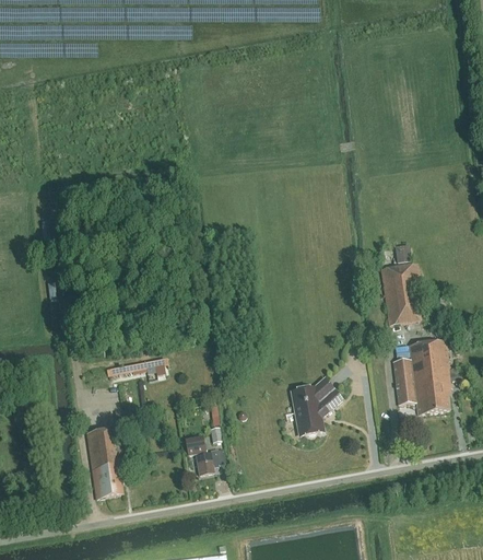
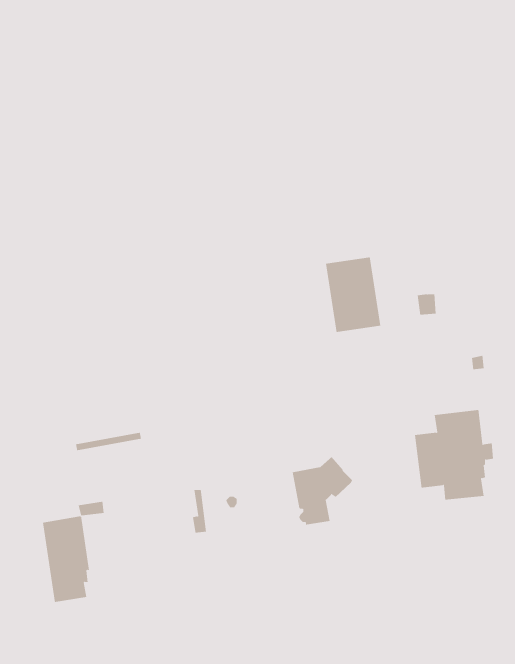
building: [379,262,425,325] -> [325,257,381,333]
building: [185,436,225,475] -> none

